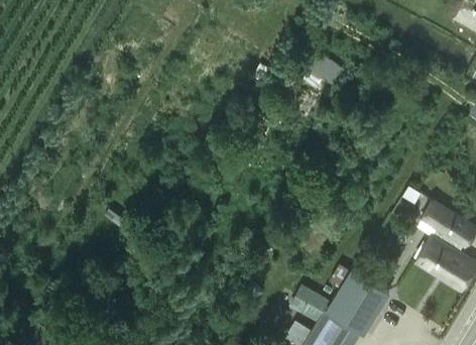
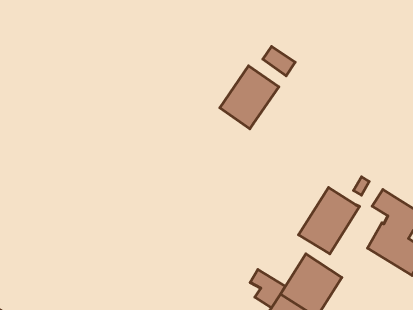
building: none -> [220,66,279,129]
building: none -> [299,187,360,254]

